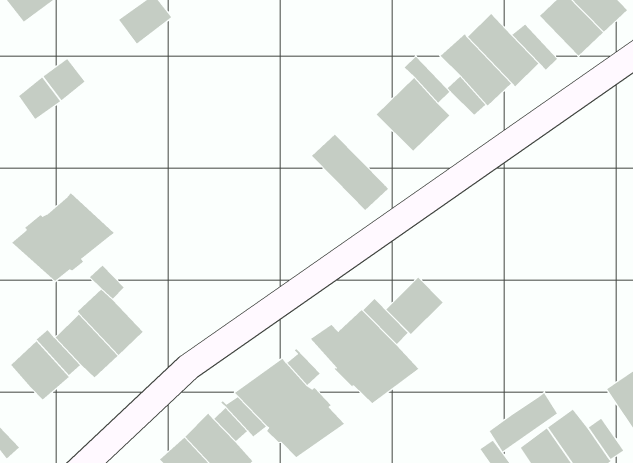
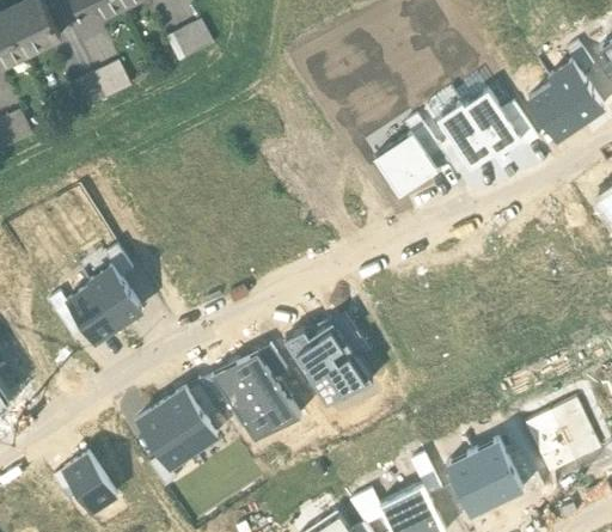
building: [311,134,389,211] -> none
building: [11,193,114,282] -> none
building: [385,277,444,335] -> none
building: [11,341,70,401] -> none
building: [489,392,558,452] -> none

